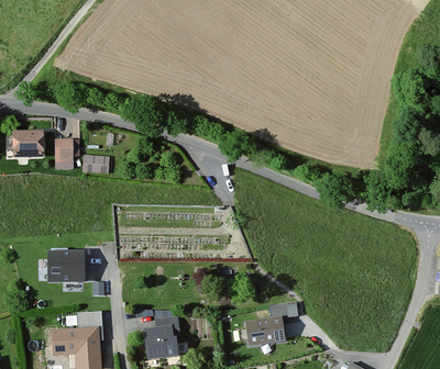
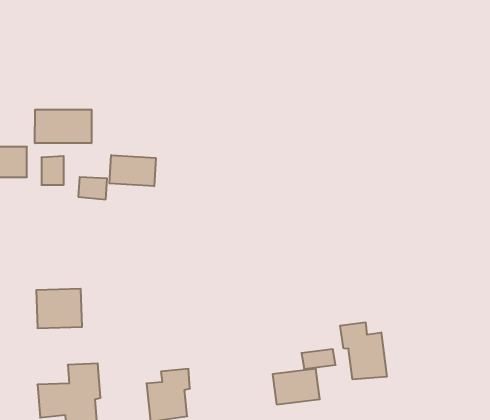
building: none -> [35,110,92,143]
building: none -> [109,155,156,186]
building: none -> [340,322,387,379]

